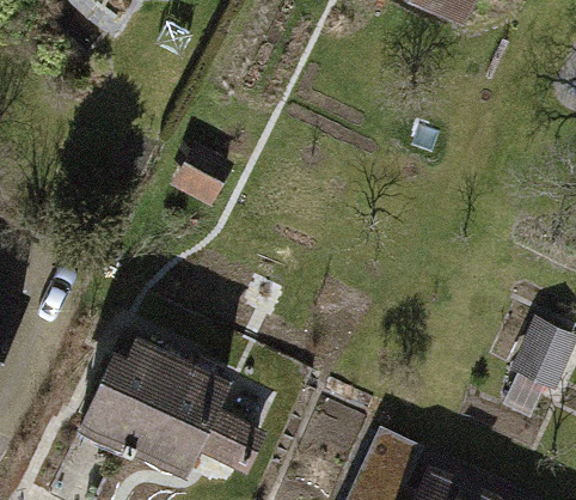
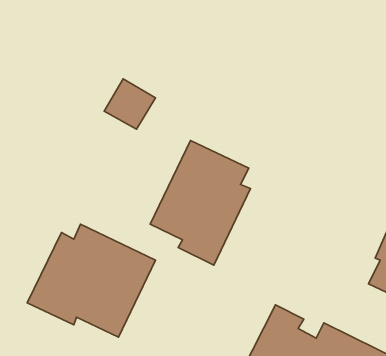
building: none -> [150,140,251,265]

